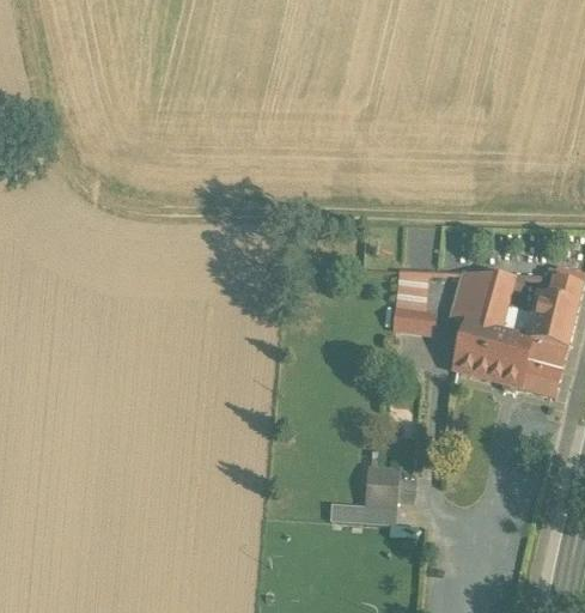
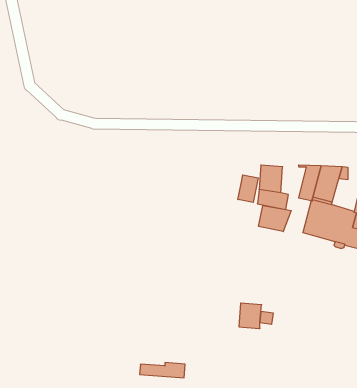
building: none -> [238,175,258,202]
building: none -> [259,205,291,232]
building: [330,502,395,523] -> [140,363,185,378]

